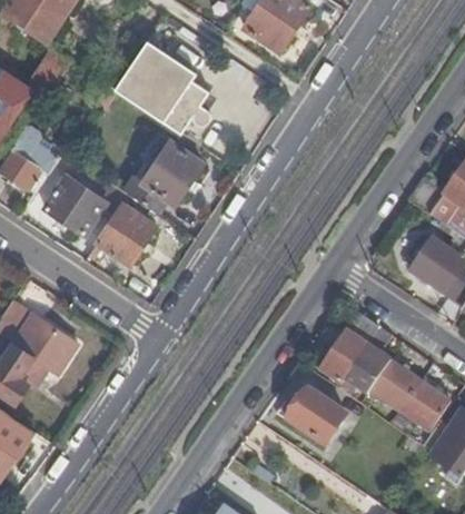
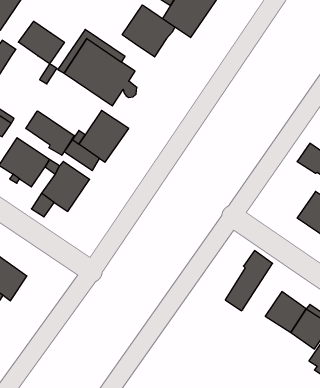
building: none -> [122,5,175,57]
building: none -> [18,21,64,64]
building: none -> [26,111,74,155]
building: [343,327,390,394] -> none
building: [288,389,348,447] -> none

